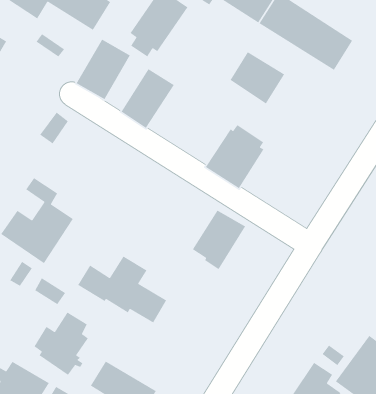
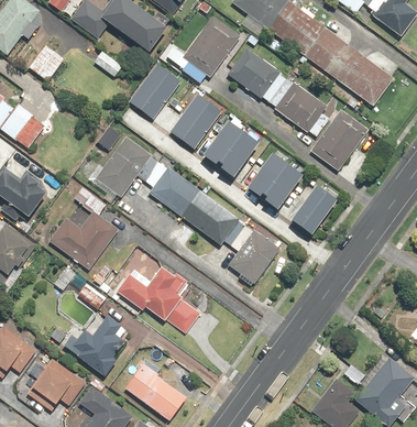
building: none -> [227,46,281,99]
building: none -> [309,109,369,172]
building: none -> [202,116,260,178]
building: none -> [96,136,153,197]
building: none -> [150,166,246,245]
building: none -> [290,184,338,234]

